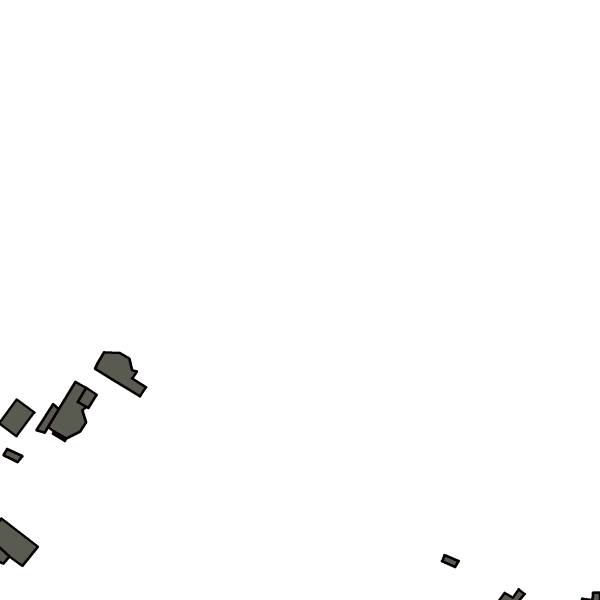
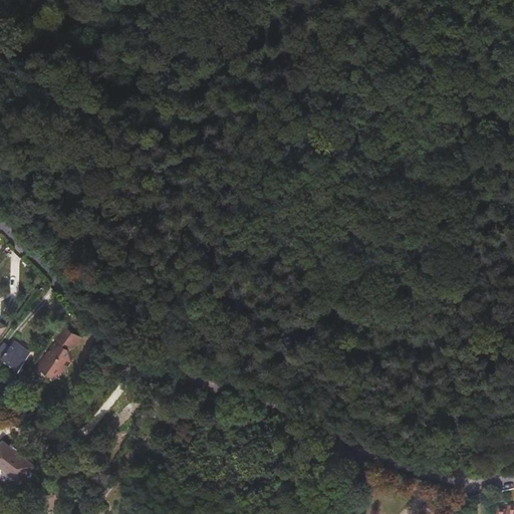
building: [95,352,146,396] -> none

